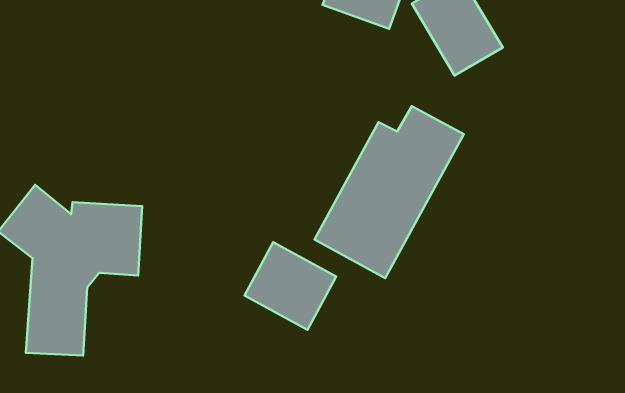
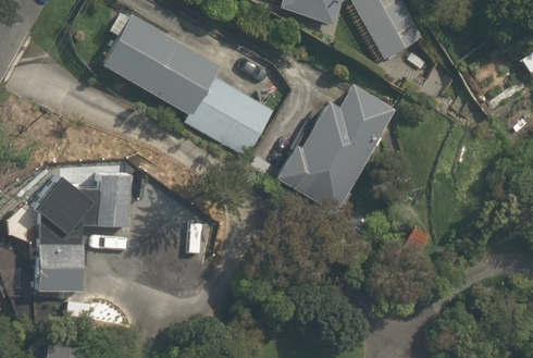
building: none -> [102,11,275,160]
building: [244,242,336,330] -> none

